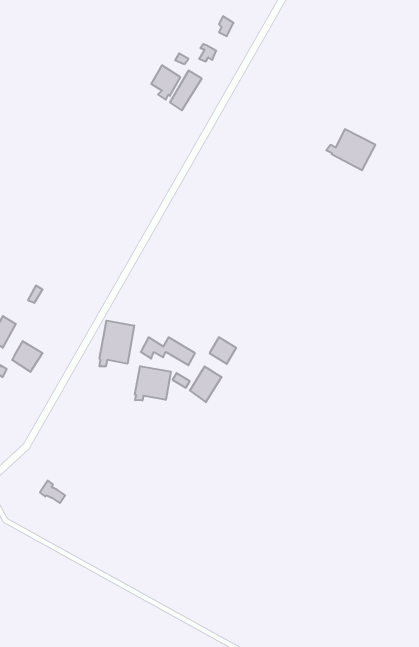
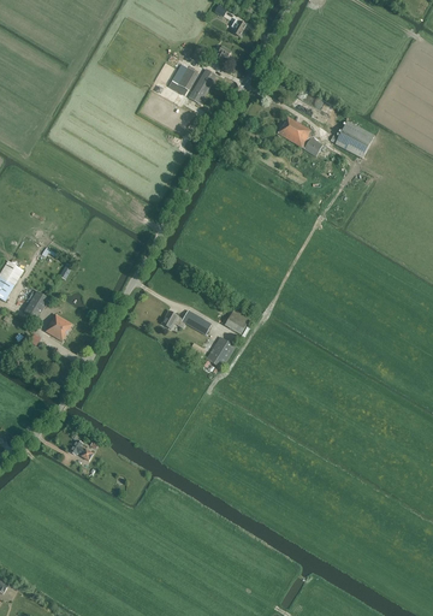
building: none -> [277,116,326,155]
building: [99,321,134,366] -> none
building: [135,366,171,401] -> none

